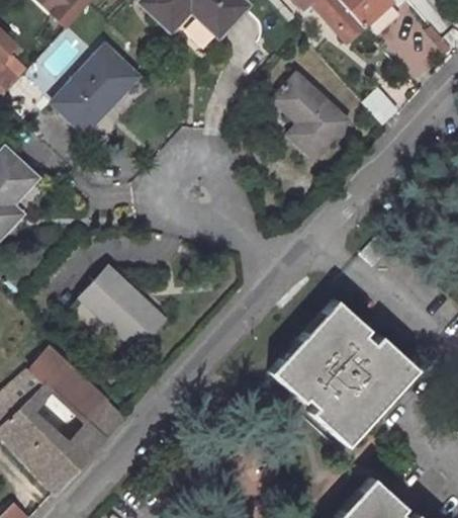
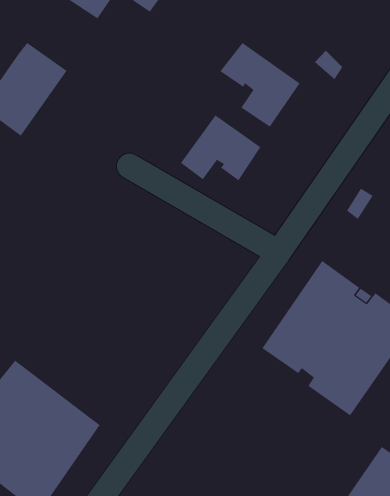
building: none -> [180,115,261,181]
building: [84,268,166,349] -> none

